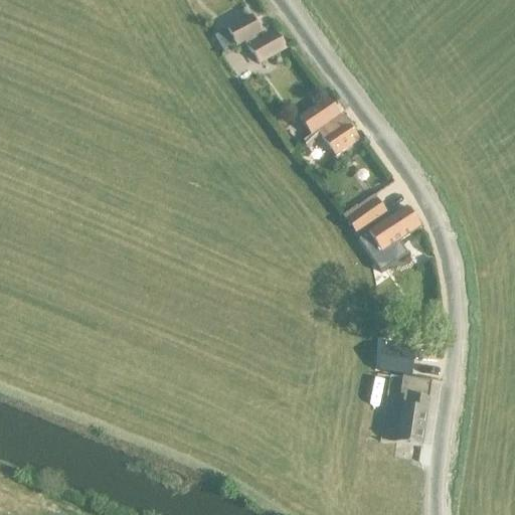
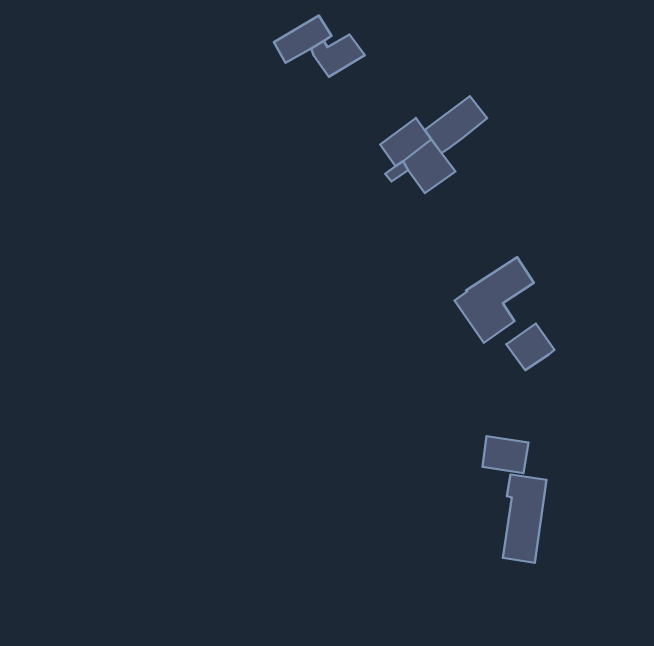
building: none -> [425,96,487,153]
building: [344,191,385,229] -> none
building: none -> [506,324,555,370]

